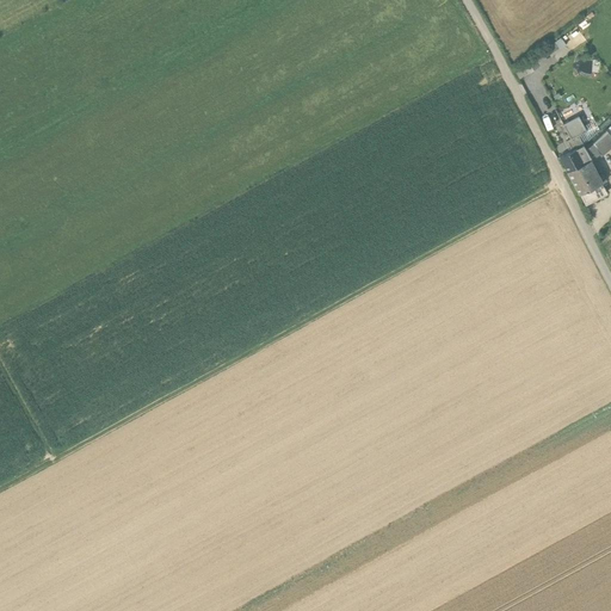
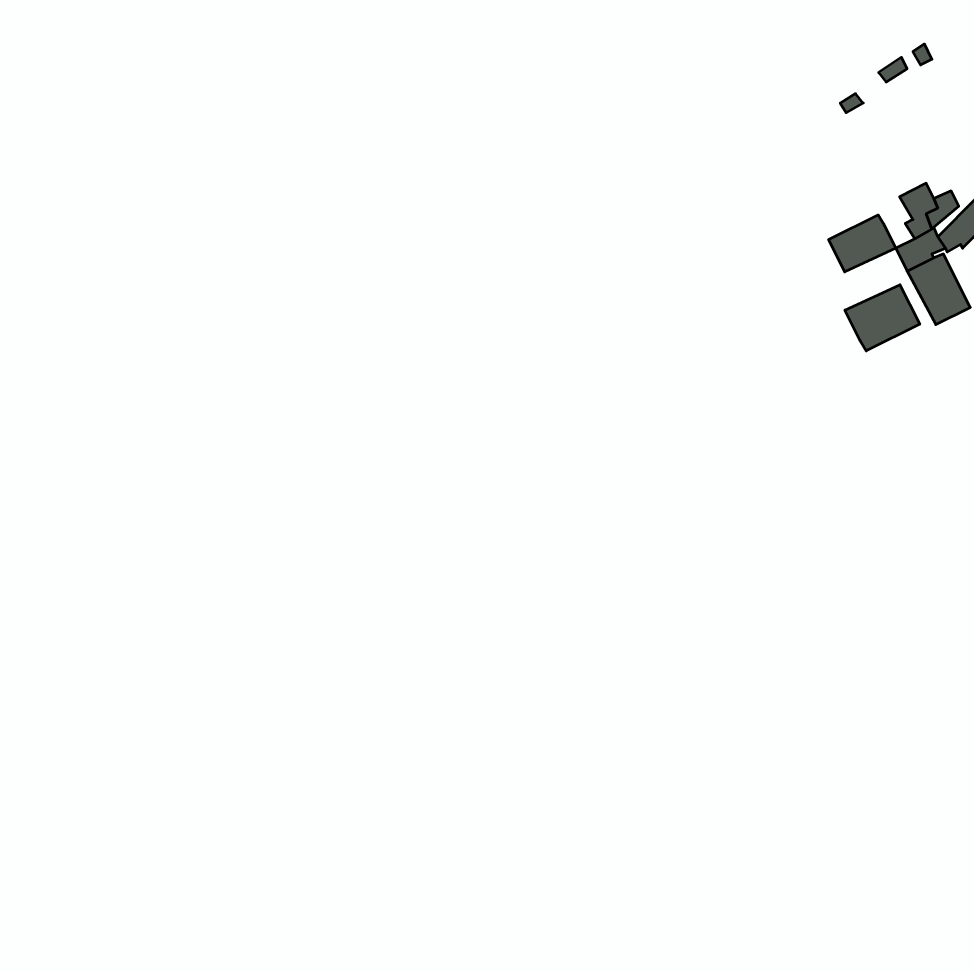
building: none -> [829,215,896,272]
building: none -> [845,285,920,351]

